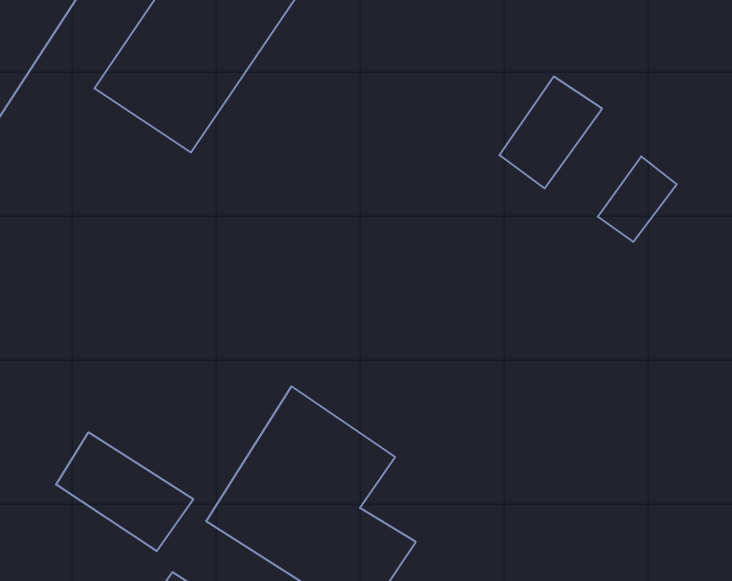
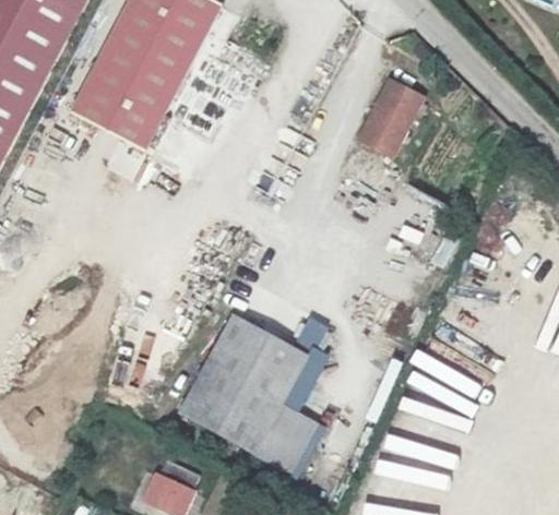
building: [598,156,677,242] -> none
building: [56,432,193,551] -> none

